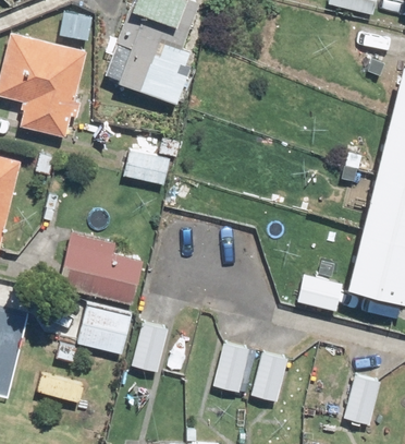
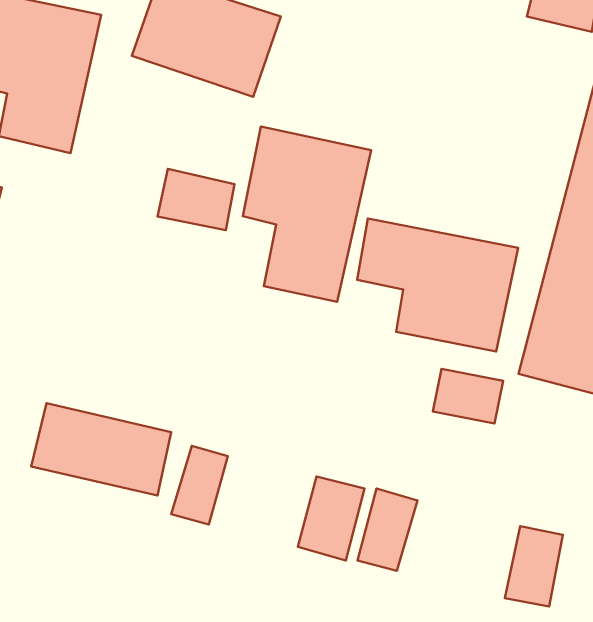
building: none -> [243,127,371,302]
building: none -> [357,218,518,351]
building: [63,233,140,300] -> none

